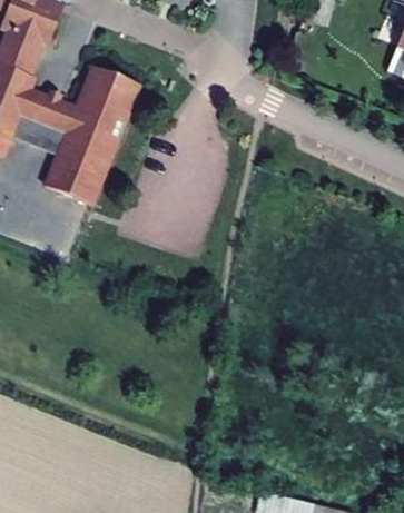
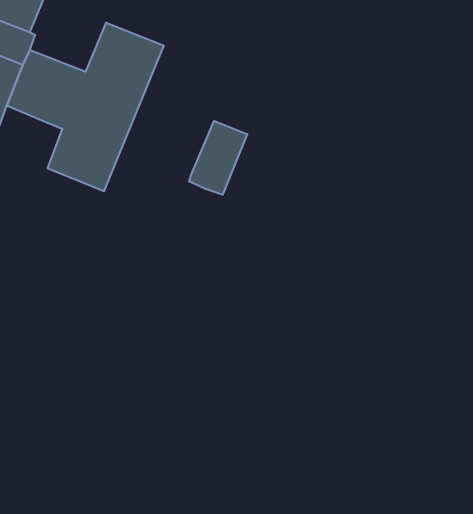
building: none -> [189,121,247,195]

